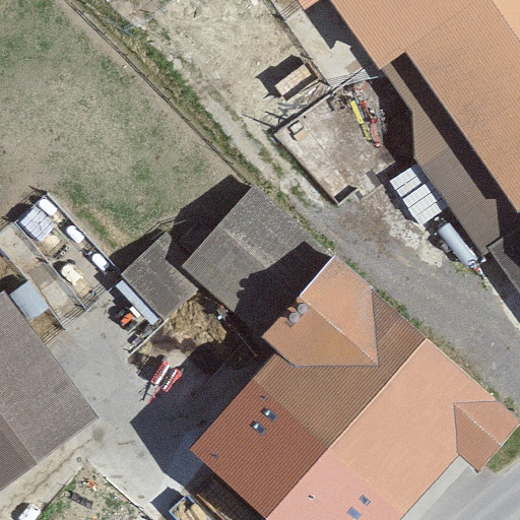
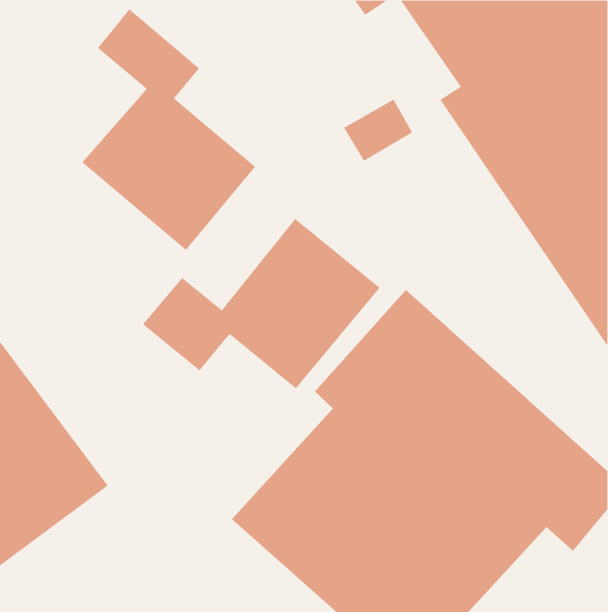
building: none -> [81,8,256,251]

